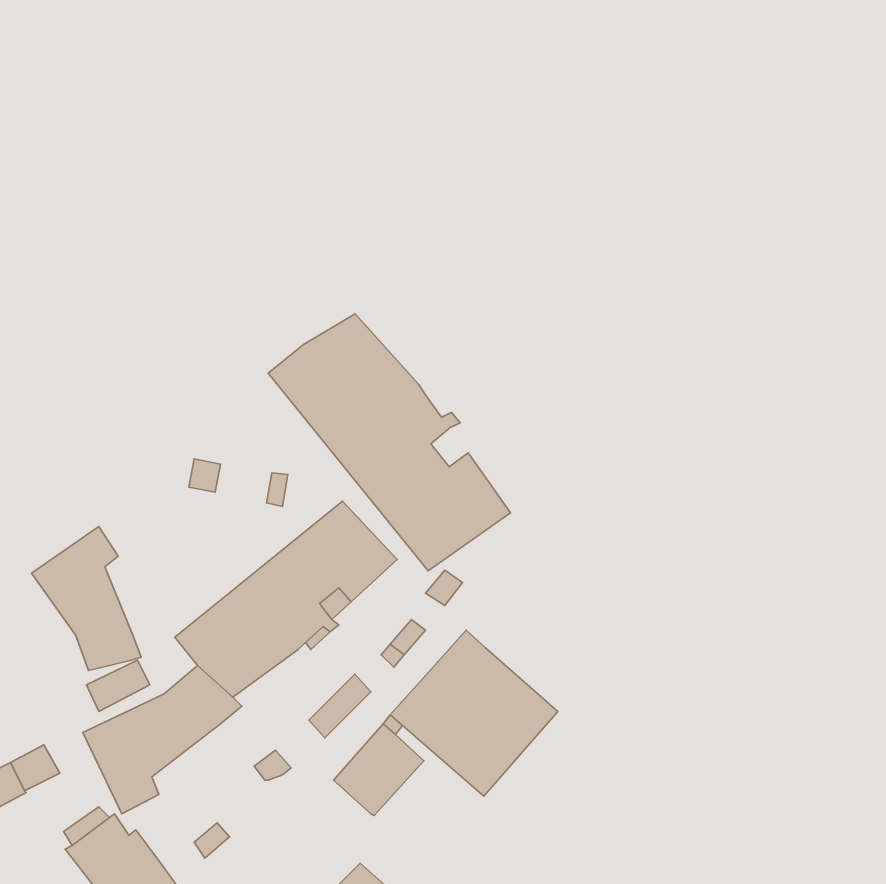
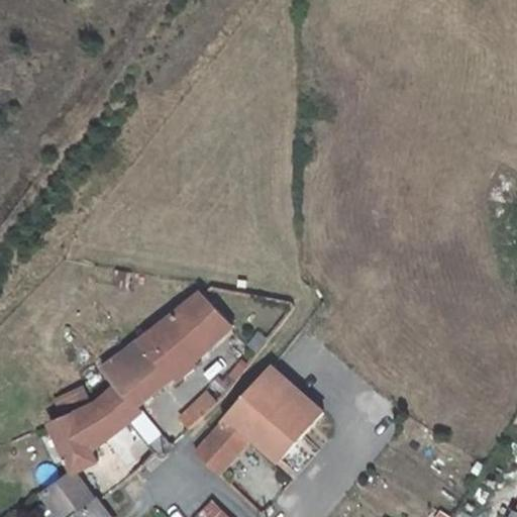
building: [268,314,510,571] -> none
building: [31,526,141,671] -> none

